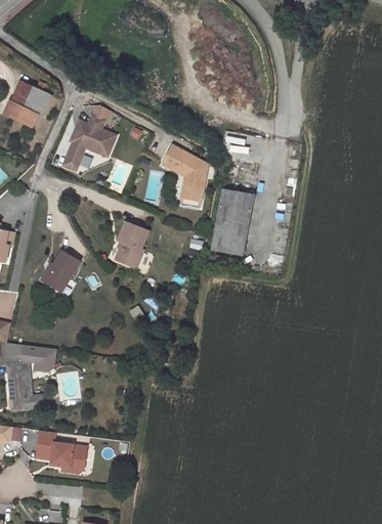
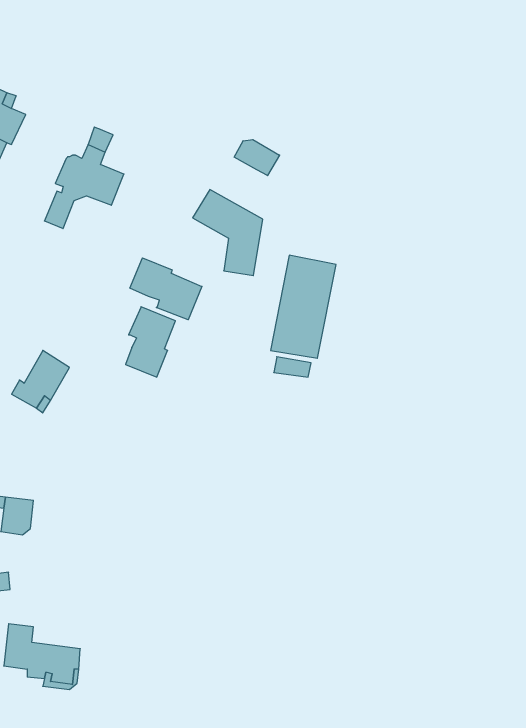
building: none -> [234,140,280,176]
building: none -> [130,258,202,320]

